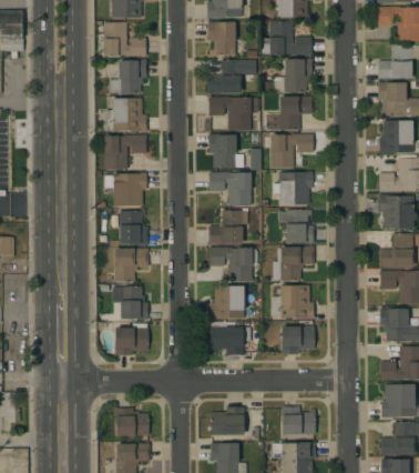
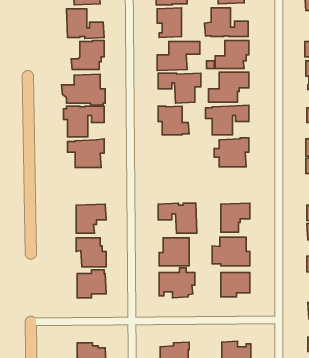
building: [208,172,251,205] -> none
building: [278,209,314,243] -> none
building: [208,210,247,244] -> none
building: [119,211,147,244] -> none

